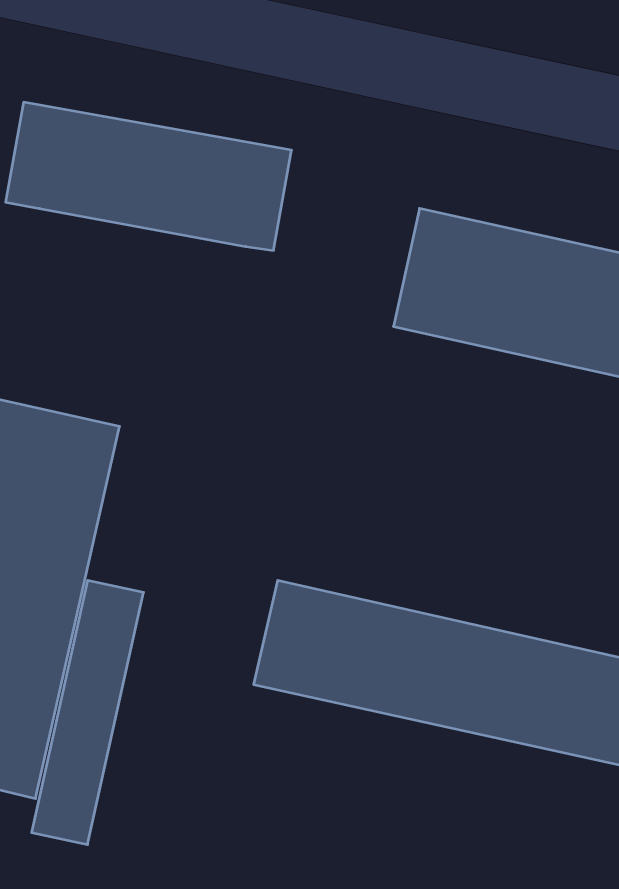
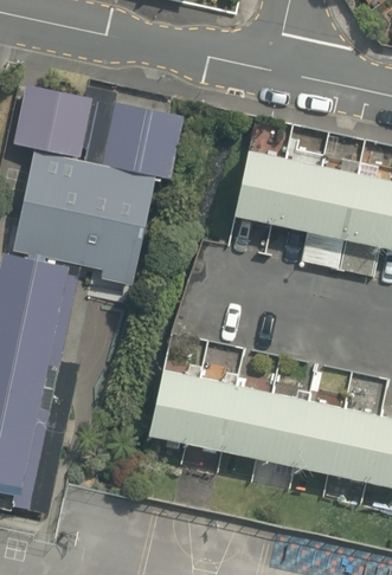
building: none -> [11,159,154,284]

